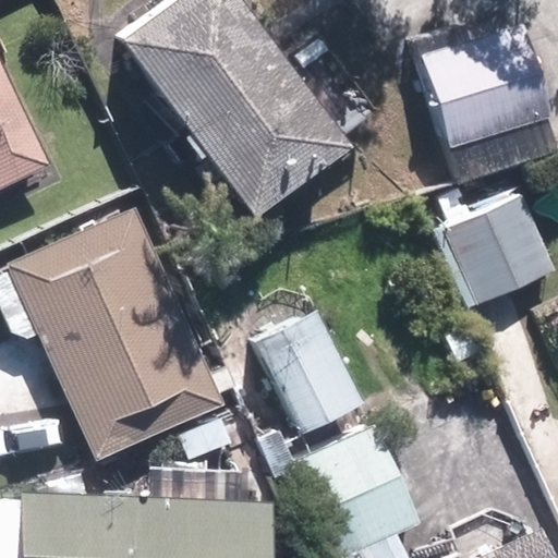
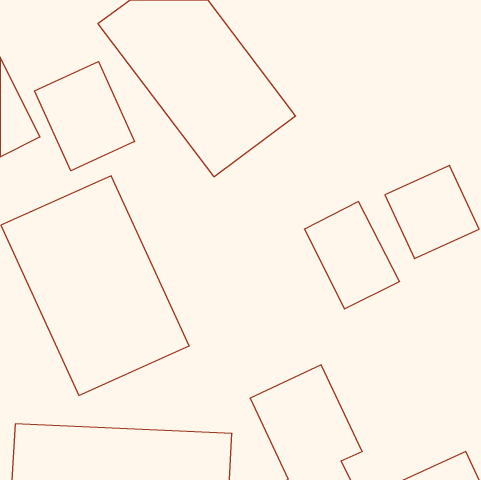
building: [417,26,550,148] -> none
building: none -> [35,62,135,171]
building: [255,312,364,435] -> [304,202,400,309]

